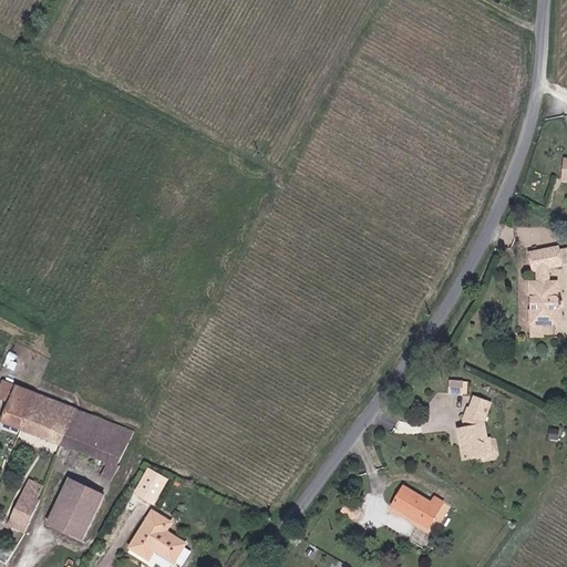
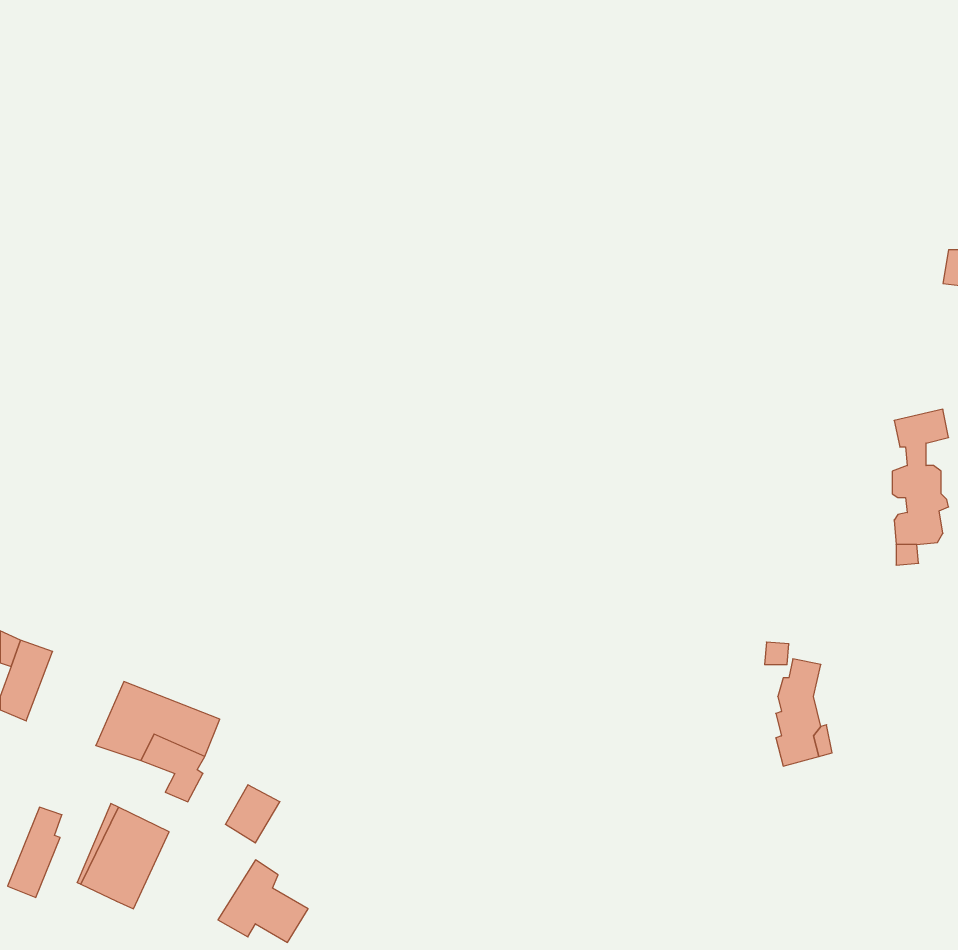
building: [17,390,74,445] -> none
building: [396,486,449,527] -> none

